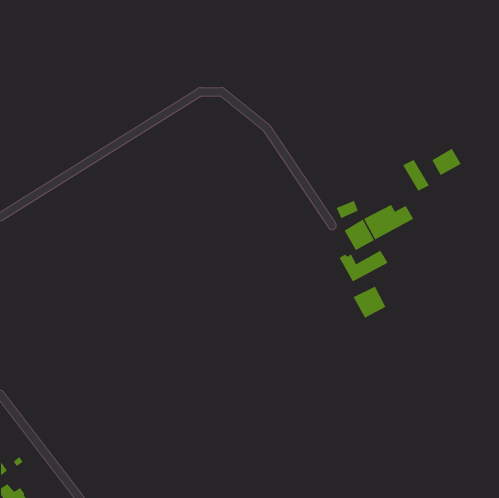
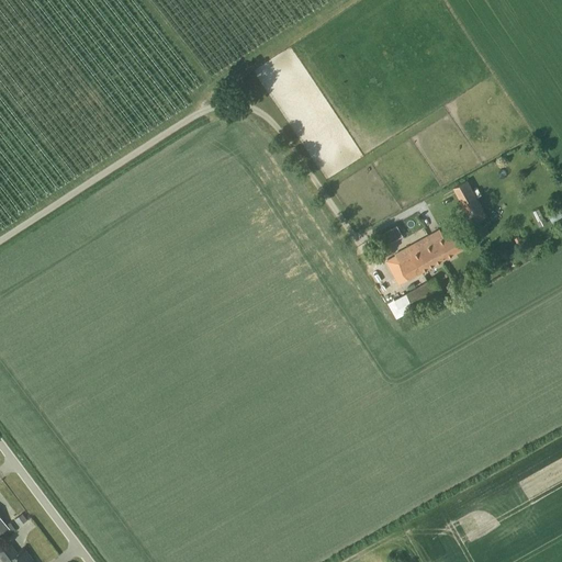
building: [432,148,462,176] -> none
building: [353,286,386,319] -> none

